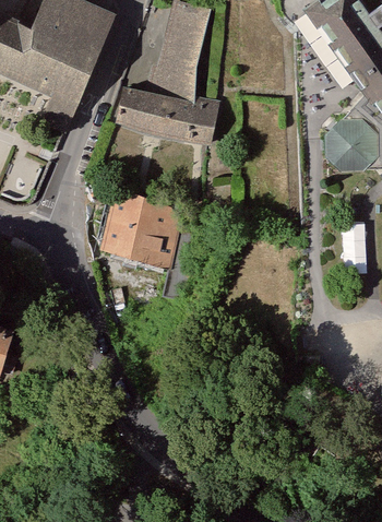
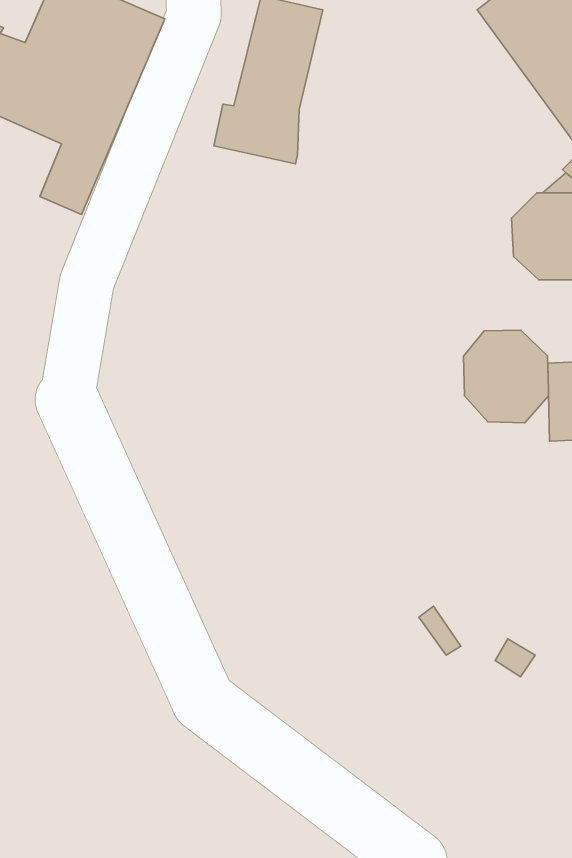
building: [114,86,219,147] -> none
building: [99,188,186,273] -> none
building: none -> [464,330,549,423]

